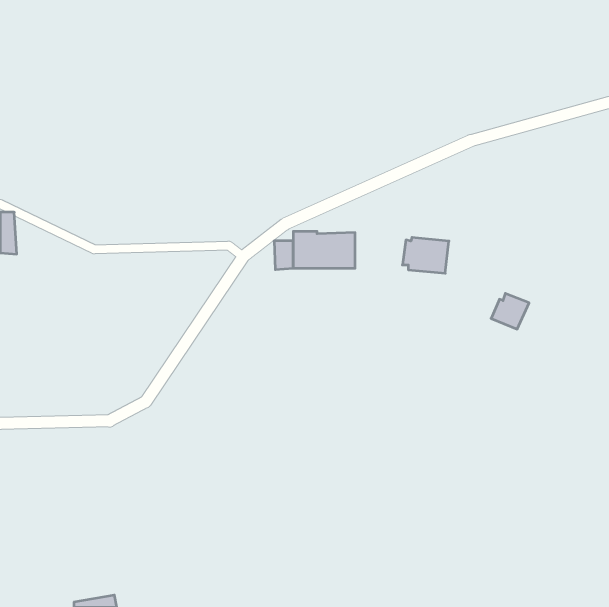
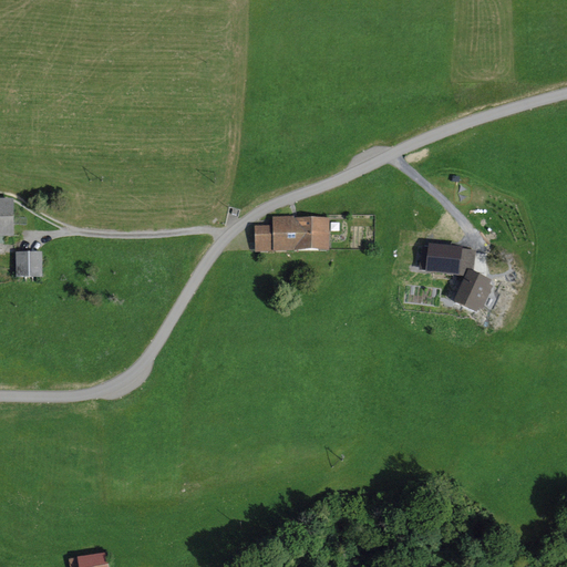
building: [402,237,449,273] -> [420,245,463,278]
building: none -> [17,250,43,276]

